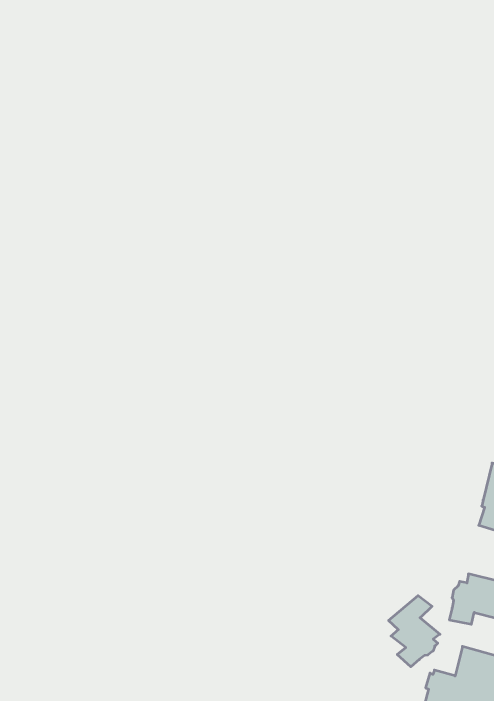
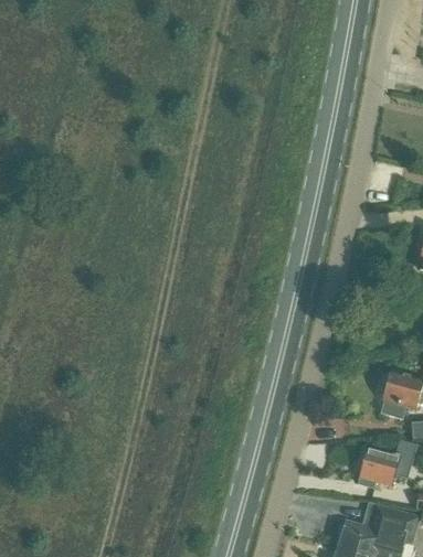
building: [389,596,440,667] -> none

